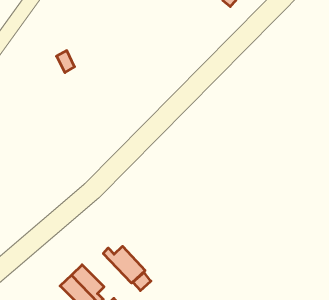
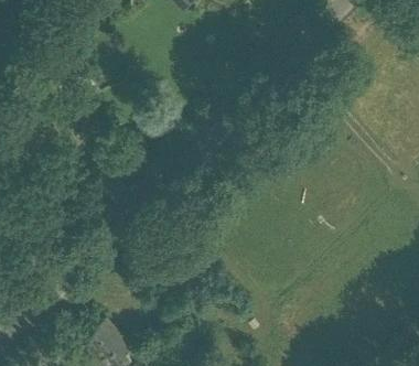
building: [103,246,145,283] -> none

